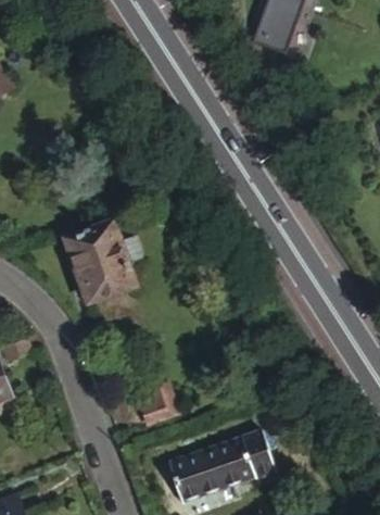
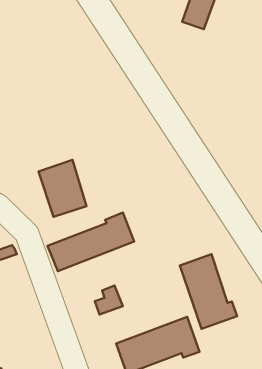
building: none -> [48,213,134,271]
building: none -> [180,254,237,329]

